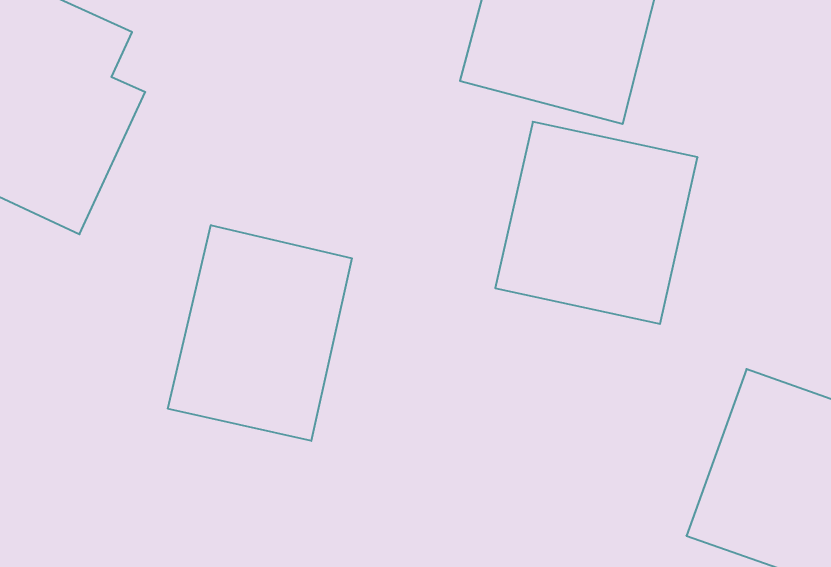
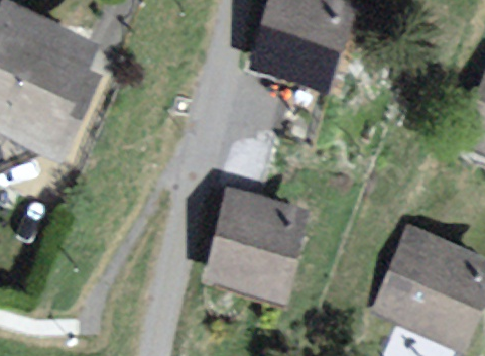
building: [495,122,698,324] -> [209,192,318,301]
building: [168,225,352,441] -> none

